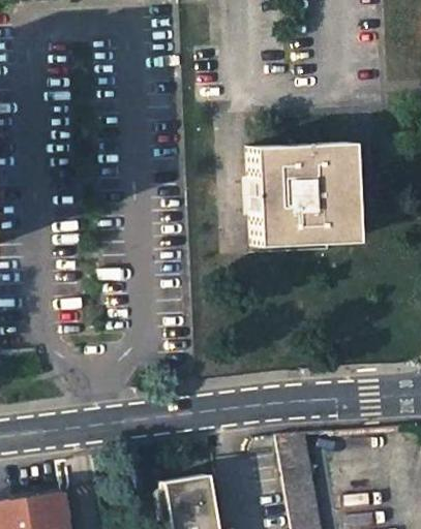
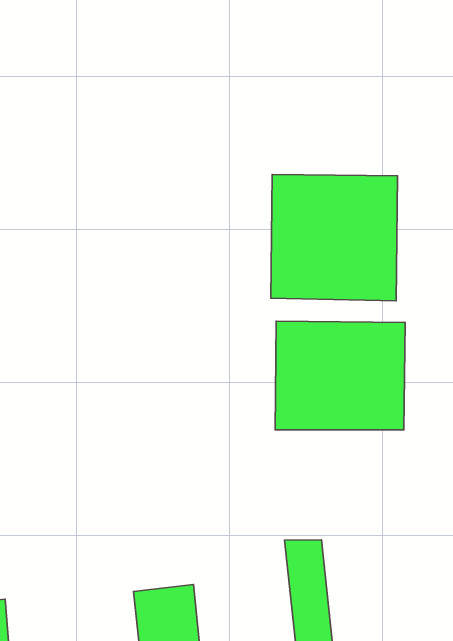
building: none -> [275,321,405,430]

